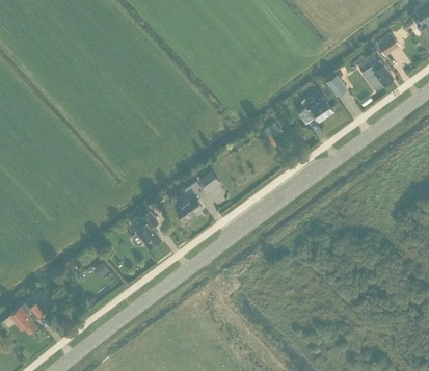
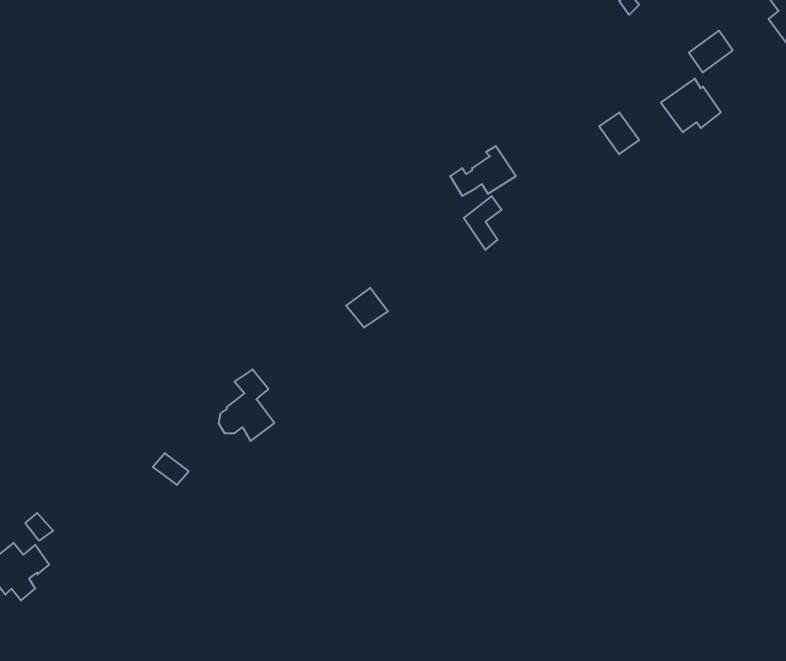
building: [298,97,332,123] -> [450,146,516,196]
building: [176,181,205,220] -> none

